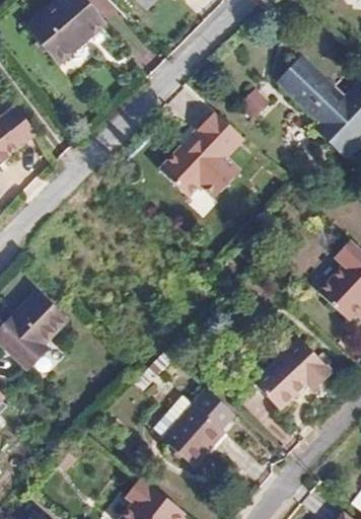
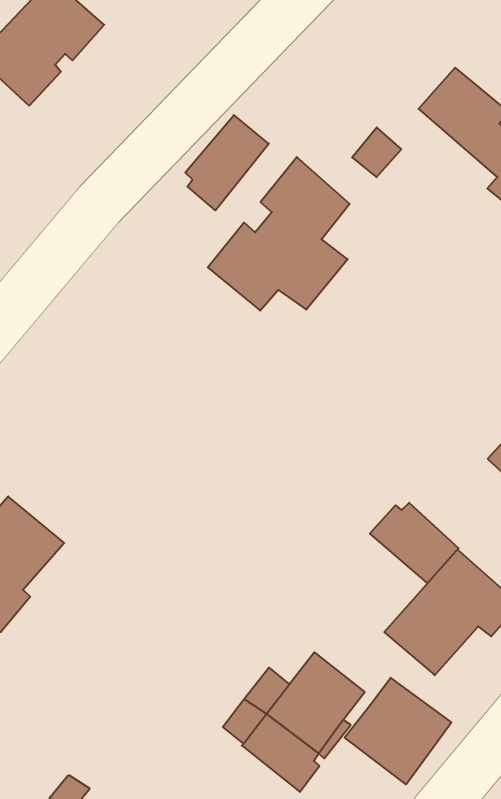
building: none -> [185,115,269,210]
building: none -> [370,503,459,583]
building: none -> [345,678,451,784]

